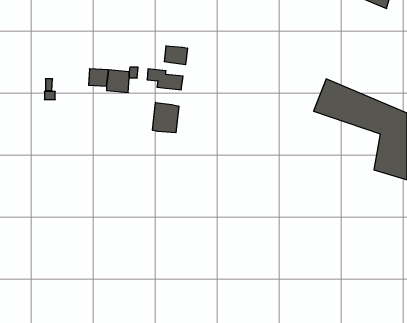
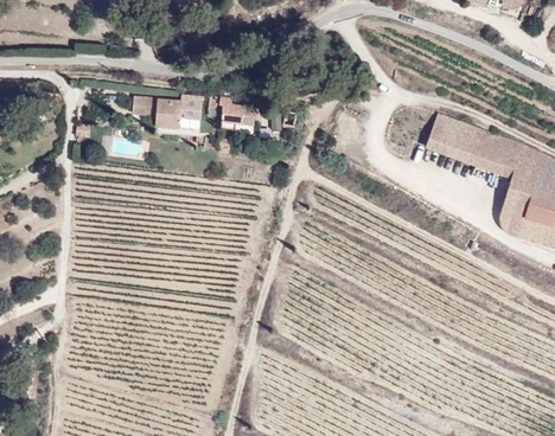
building: [164,46,187,65] -> none
building: [153,102,179,133] -> none

